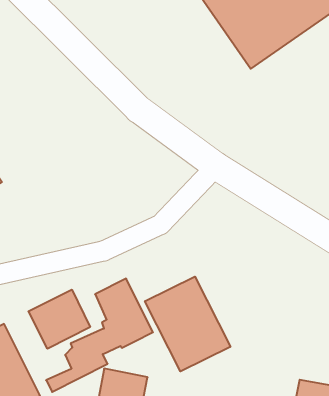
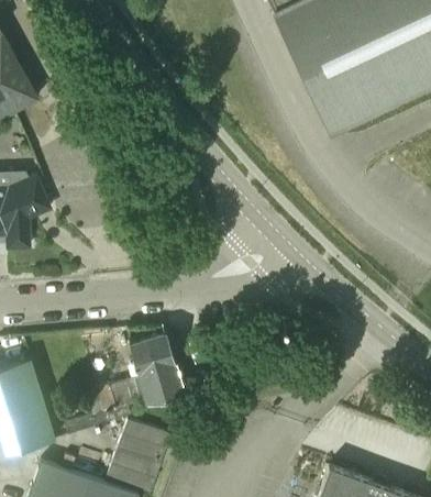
building: [145,277,230,371] -> none
building: [28,290,90,349] -> none

